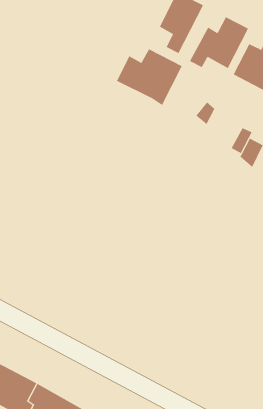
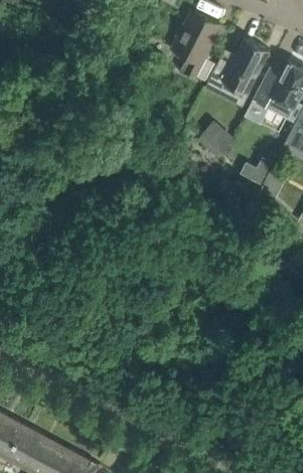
building: [116,48,182,106] -> none

